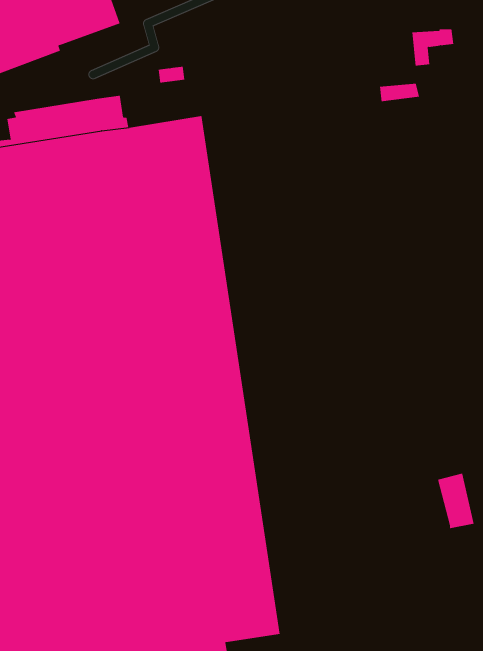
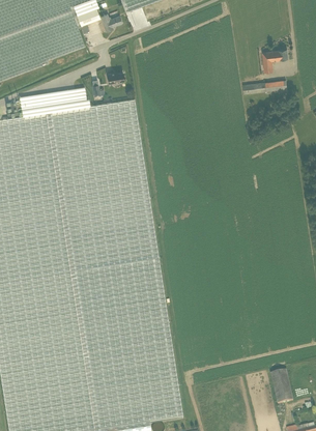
building: [437,473,475,529] -> [270,370,293,404]

